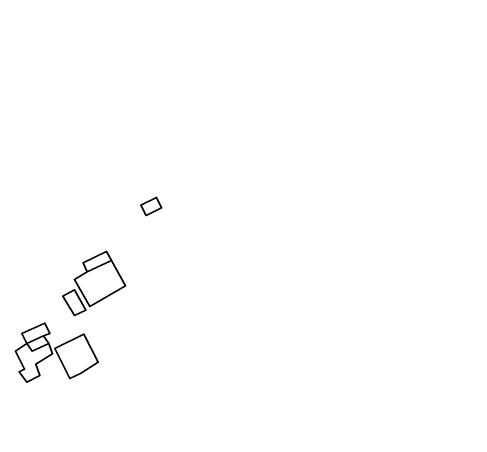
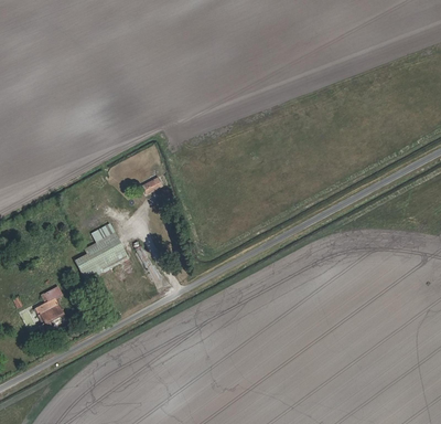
building: [55,334,98,378] -> none

